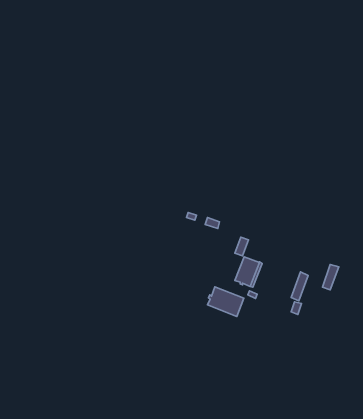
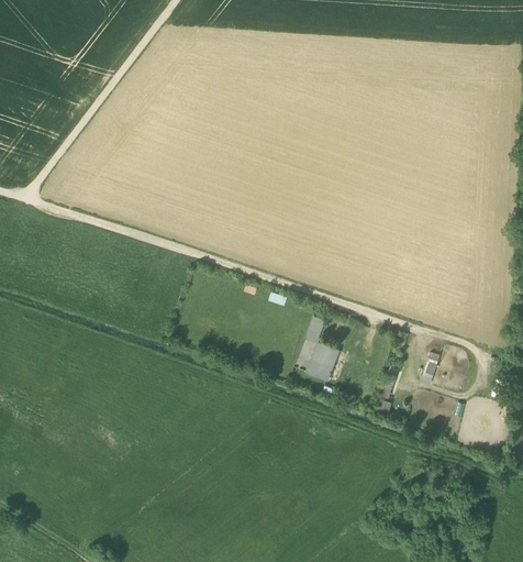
building: [207,287,244,316] -> none

